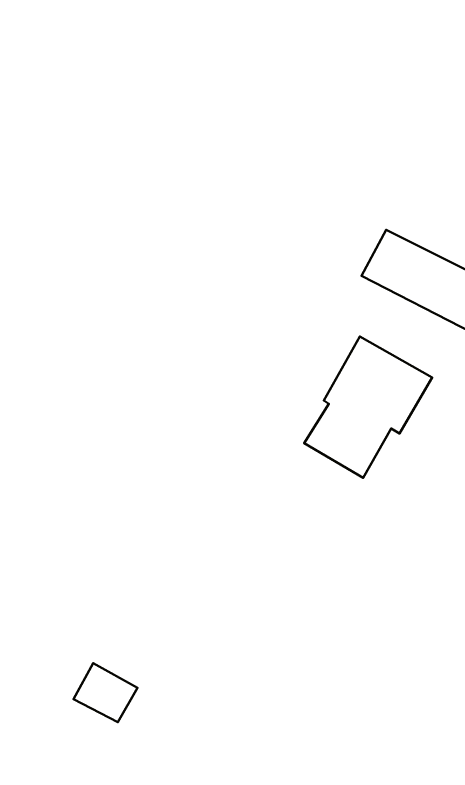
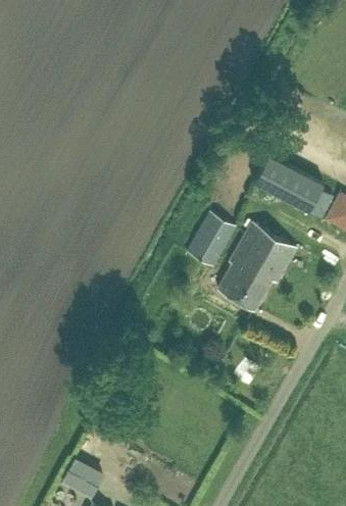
building: none -> [187,212,237,268]
building: [73,663,137,722] -> [62,458,102,495]

